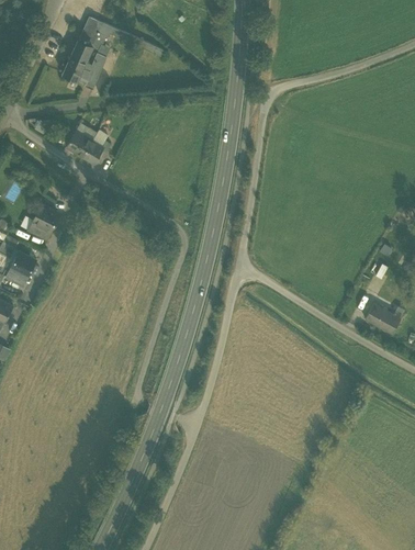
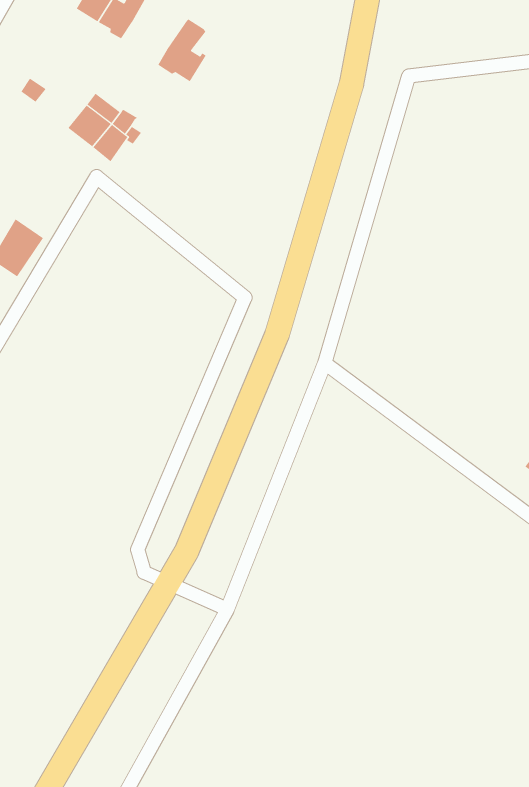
building: none -> [158,19,207,82]

